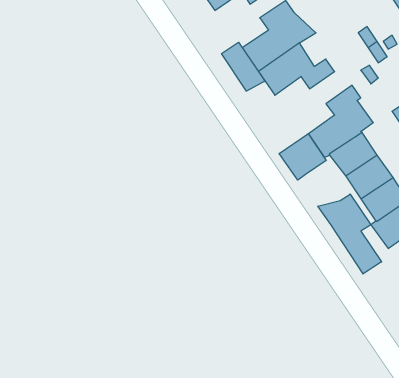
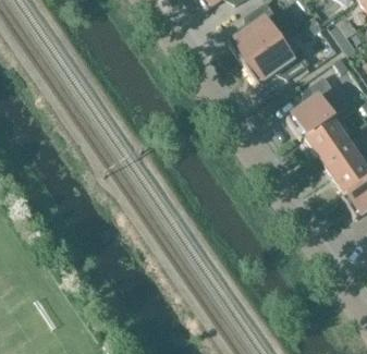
building: [222,42,265,91] -> none
building: [279,134,326,180] -> none
building: [318,194,382,274] -> none

